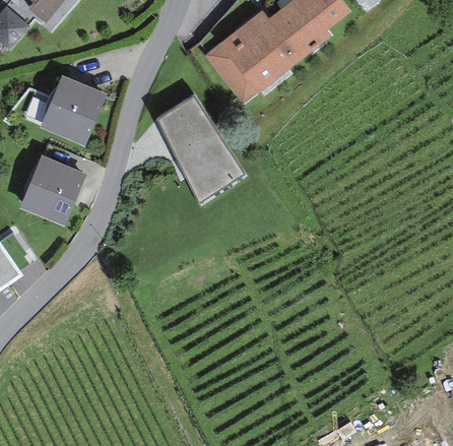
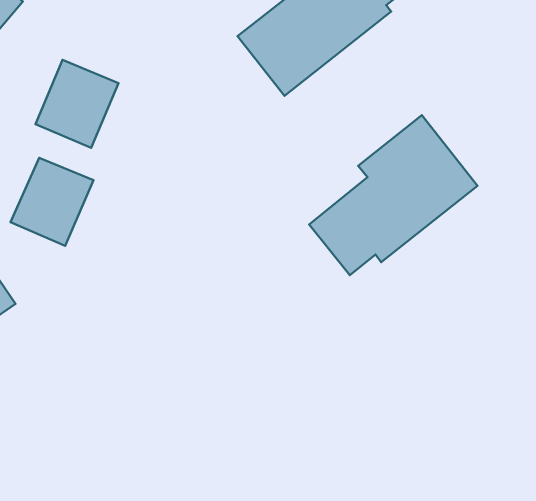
building: [156,94,244,201] -> none
building: none -> [309,115,478,275]

